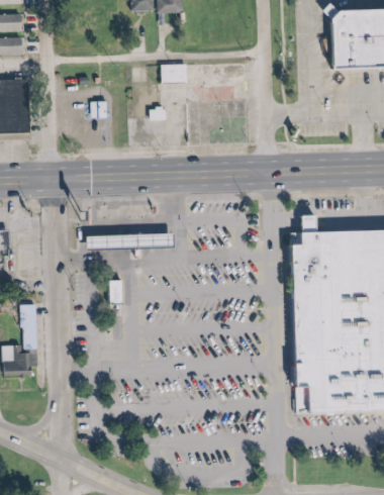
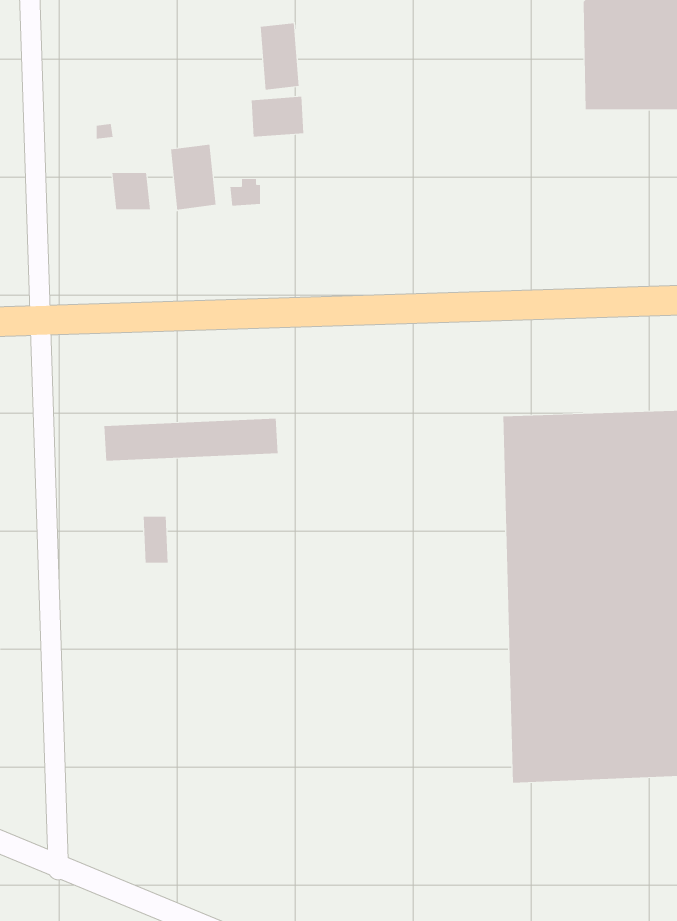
building: none -> [260,22,299,90]
building: none -> [170,144,216,211]

